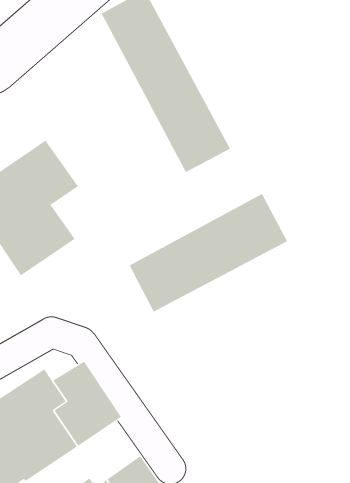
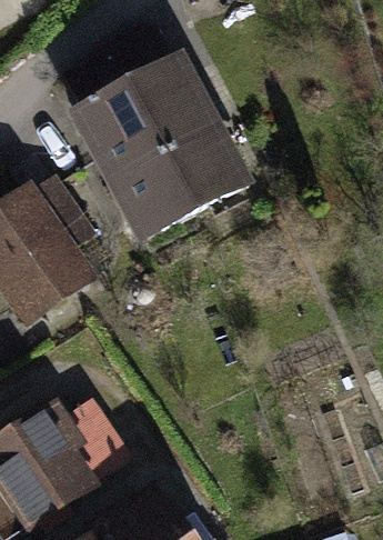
building: none -> [65,53,196,238]
building: [129,193,288,313] -> none

